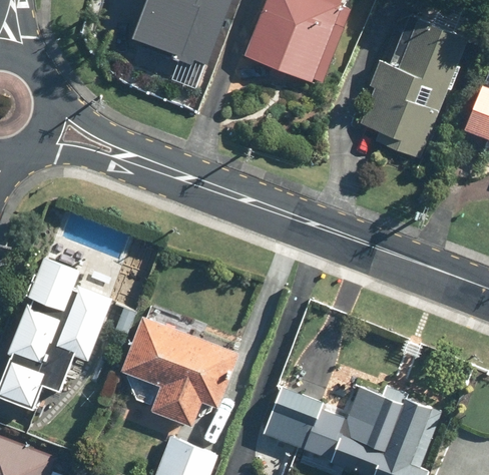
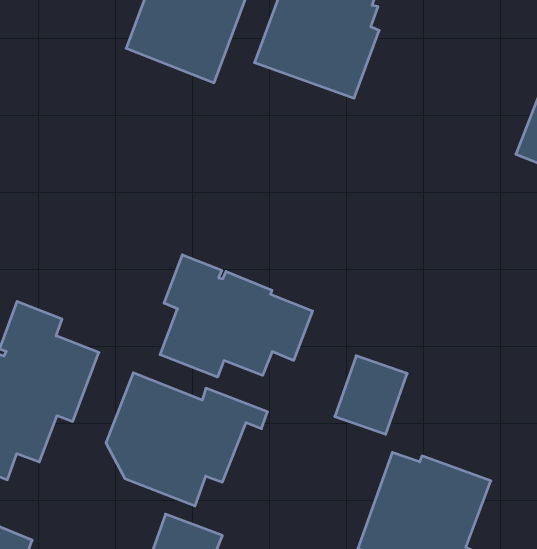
building: [359,10,473,163] -> none
building: none -> [160,255,313,377]
building: [262,384,323,450] -> [335,356,407,434]

